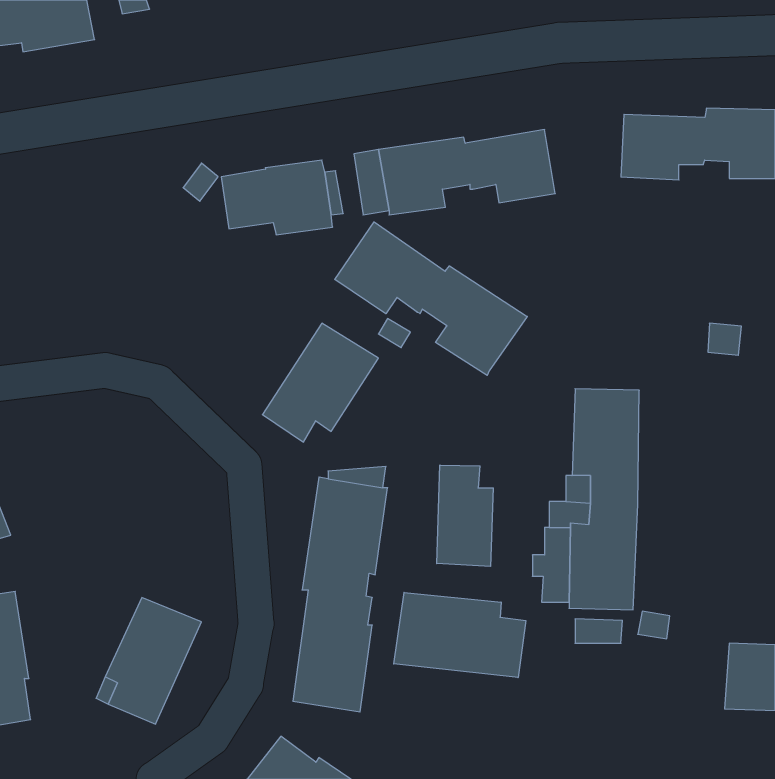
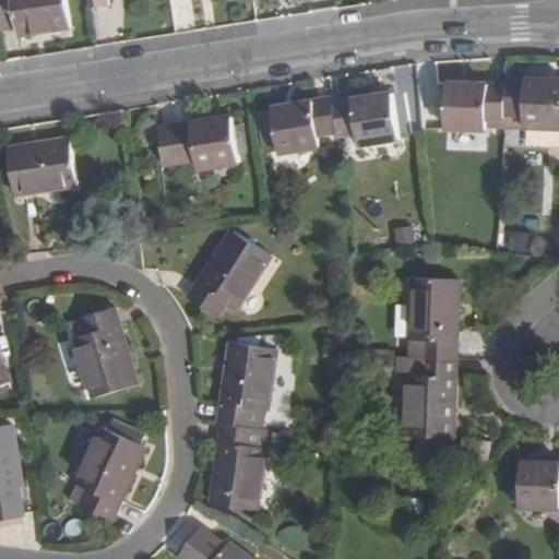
building: none -> [7,138,76,195]
building: [335,222,527,375] -> none
building: none -> [72,309,135,395]
building: [437,465,493,566] -> none
building: [394,592,526,678] -> none

